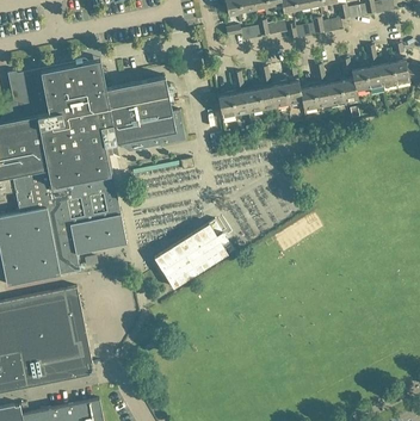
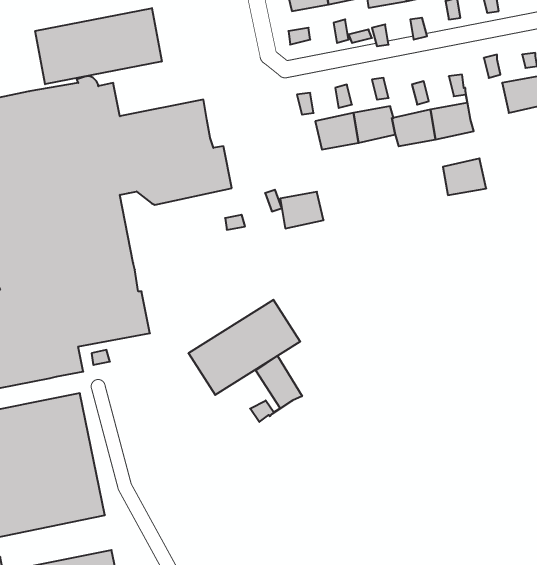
building: none -> [35,8,162,84]
building: [352,64,383,91] -> [443,158,486,195]
building: [218,92,249,118] -> [280,192,324,228]
building: none -> [250,356,302,422]

